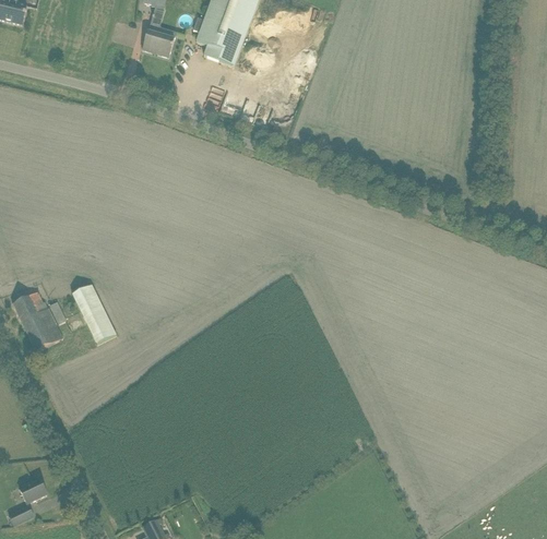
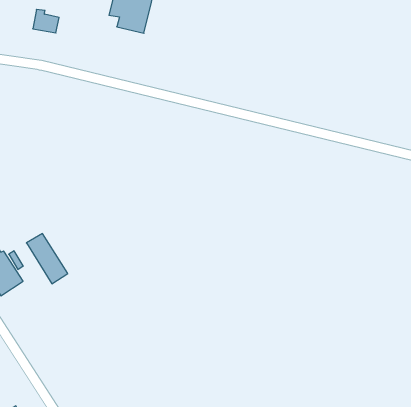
building: [142,25,174,55] -> [33,9,59,33]

